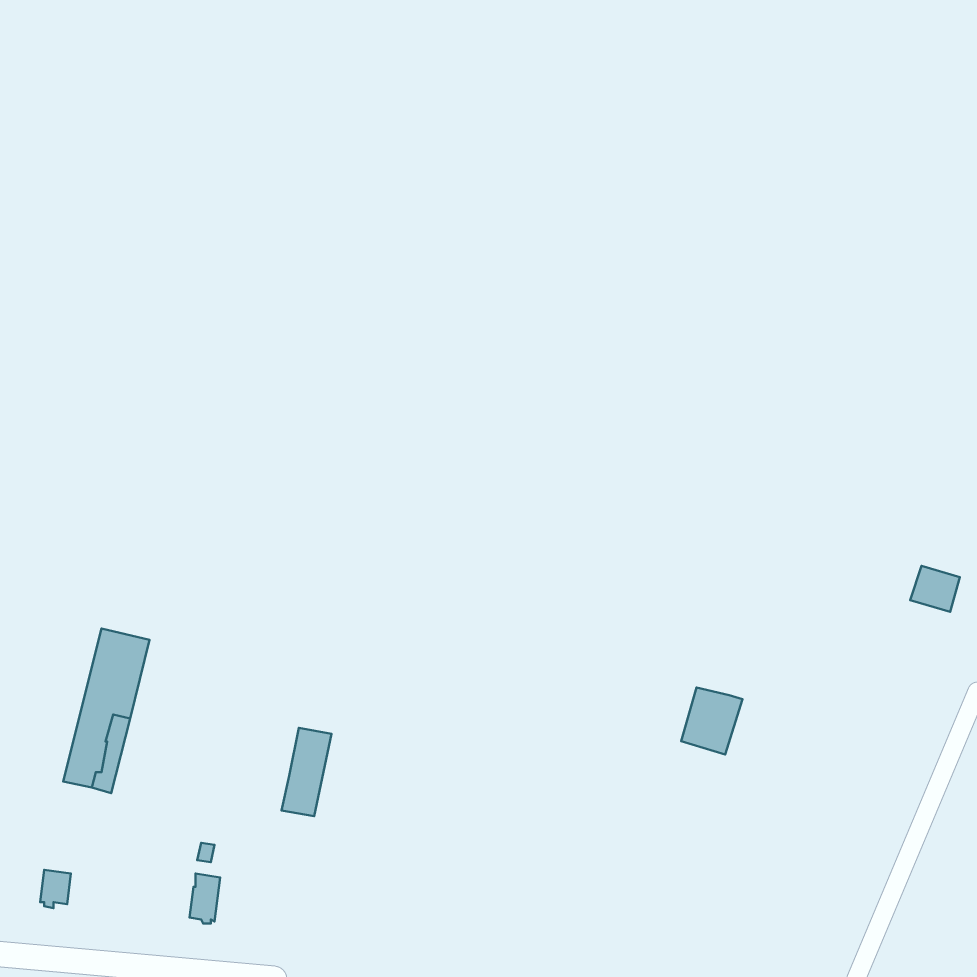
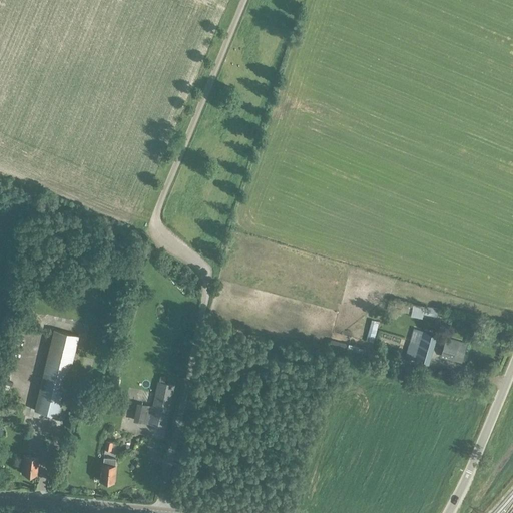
building: [910,566,960,612] -> [440,339,466,363]
building: [681,688,742,755] -> [405,330,437,365]

